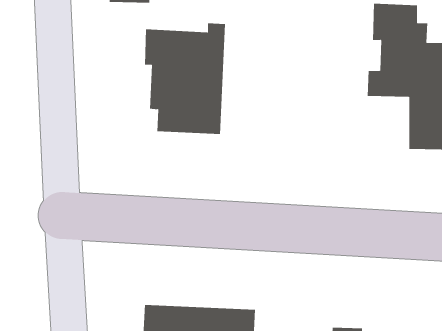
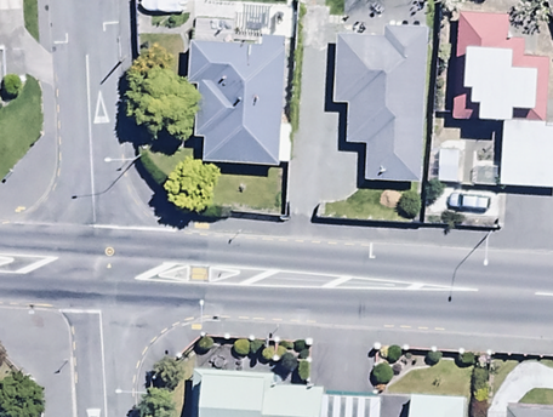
building: none -> [336,23,427,182]

